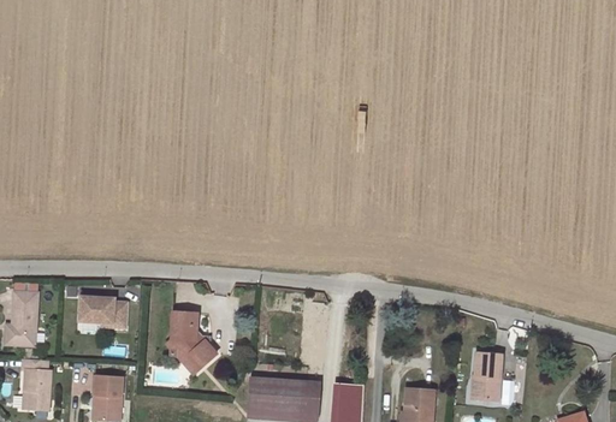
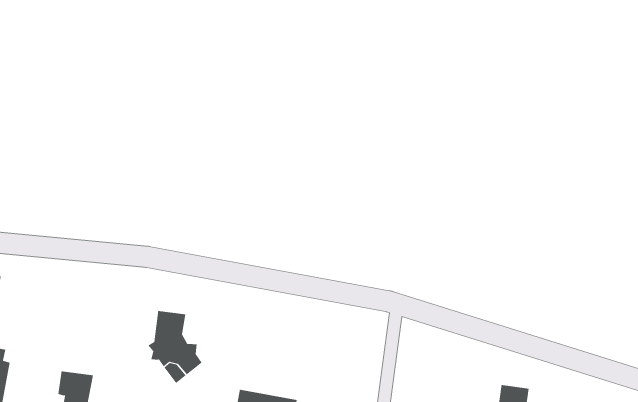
building: [76,297,126,328] -> none

